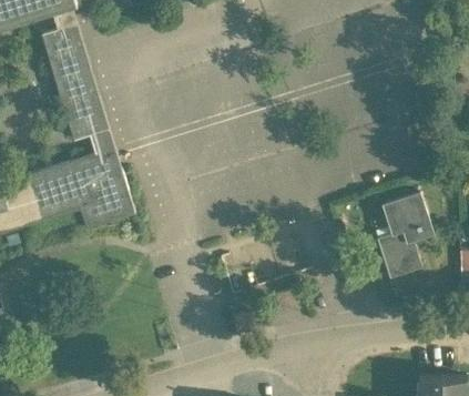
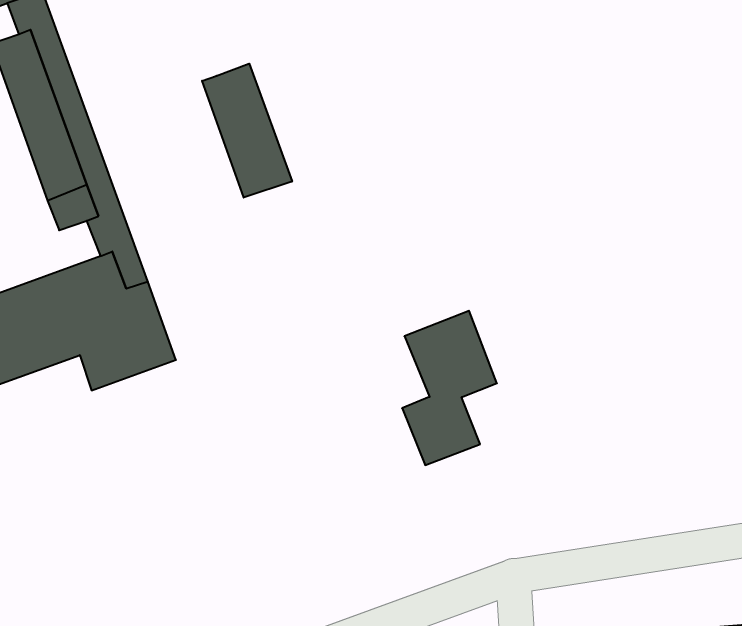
building: none -> [202,64,292,198]
building: [378,190,431,274] -> [402,311,497,465]

